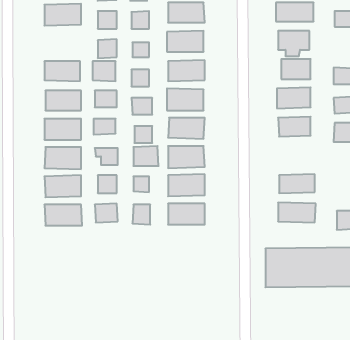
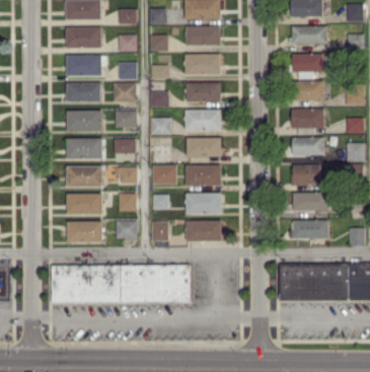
building: none -> [66,56,101,76]
building: none -> [291,165,320,185]
building: none -> [52,266,191,303]

